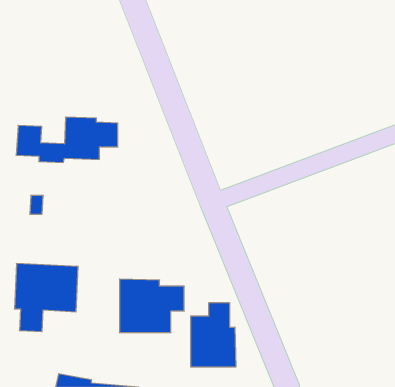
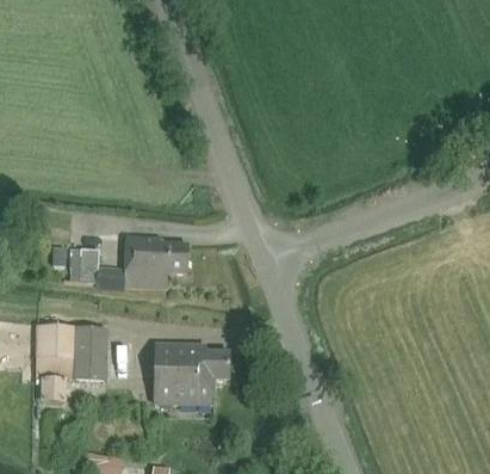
building: [16,117,118,162] -> [69,236,187,289]
building: [191,303,236,367] -> none

